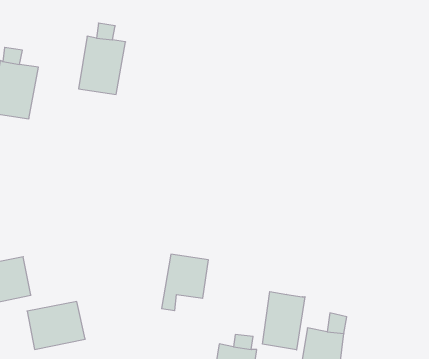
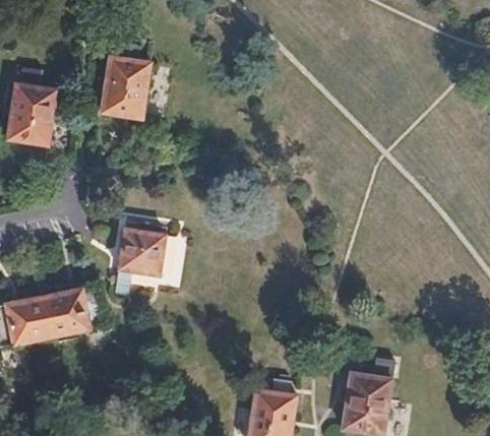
building: [162,254,208,311] -> [114,229,165,290]
building: [263,292,305,350] -> none
building: [27,302,85,349] -> [42,286,105,337]

